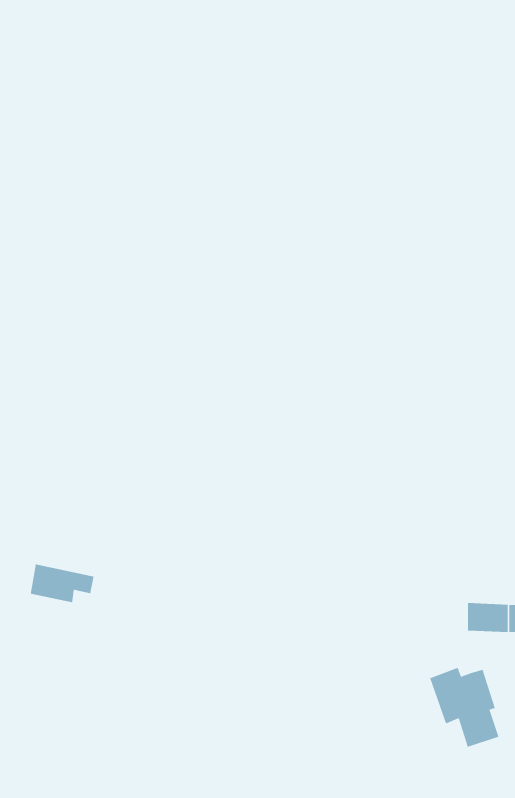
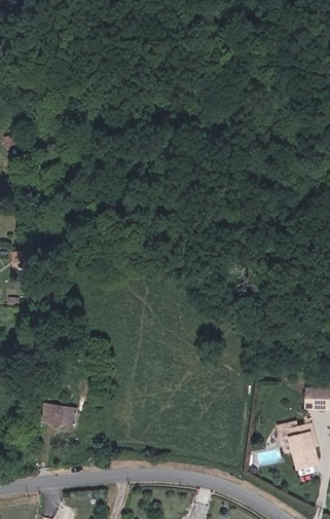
building: [30,564,94,603] -> [43,404,80,427]

